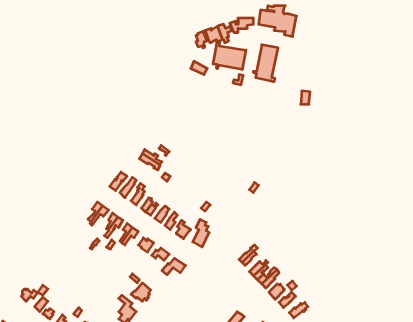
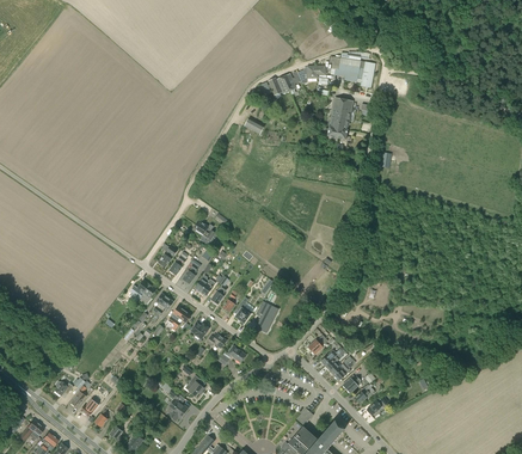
building: [213,42,246,70] -> none

